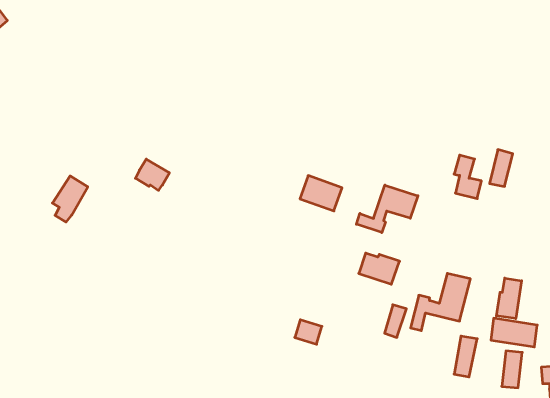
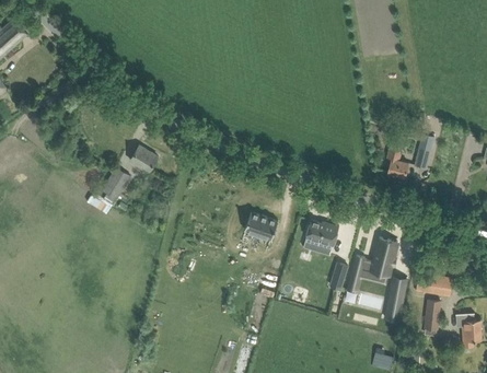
building: [300,176,342,211] -> [243,211,277,240]
building: [52,176,88,222] -> [101,167,129,205]
building: [356,185,418,233] -> none
building: [496,278,522,319] -> none

